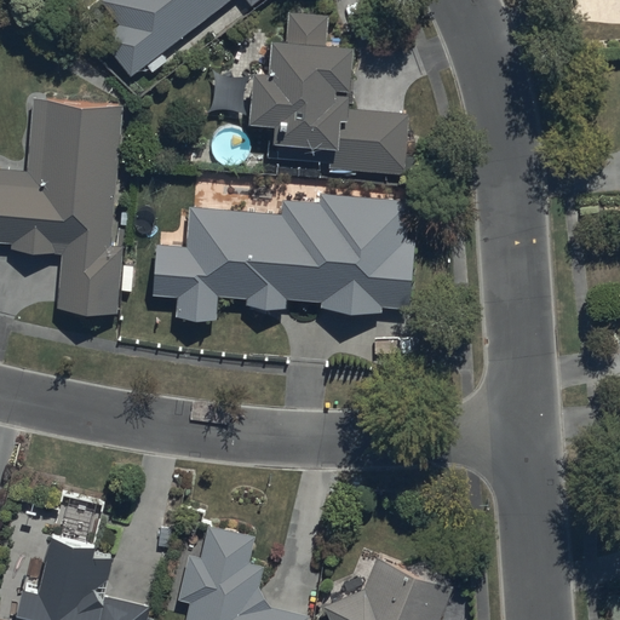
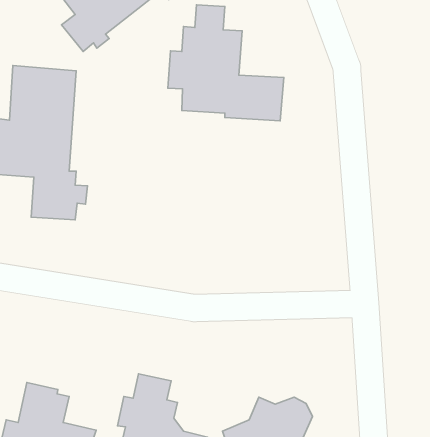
building: [153,195,415,321] -> none

